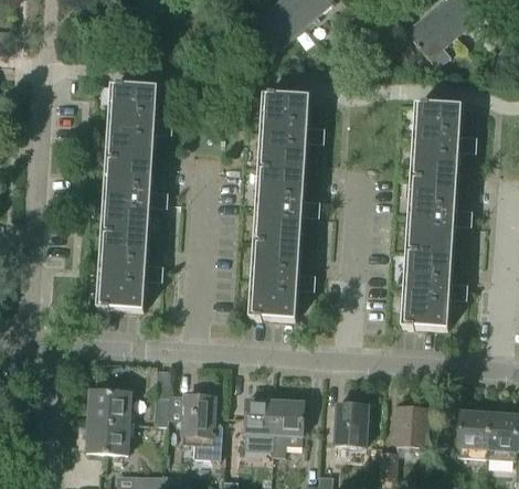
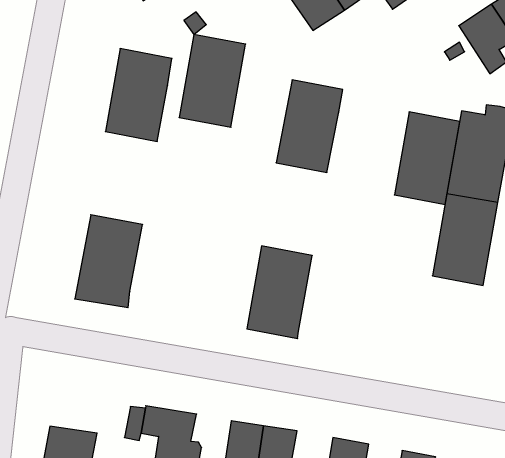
building: [102,158,152,235] -> [179,34,246,127]
building: [254,168,304,245] -> [394,112,460,205]
building: [401,251,452,328] -> none
building: [87,389,130,422] -> none

